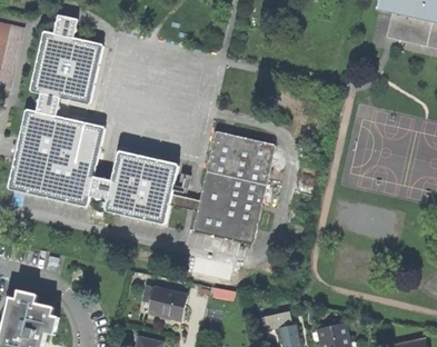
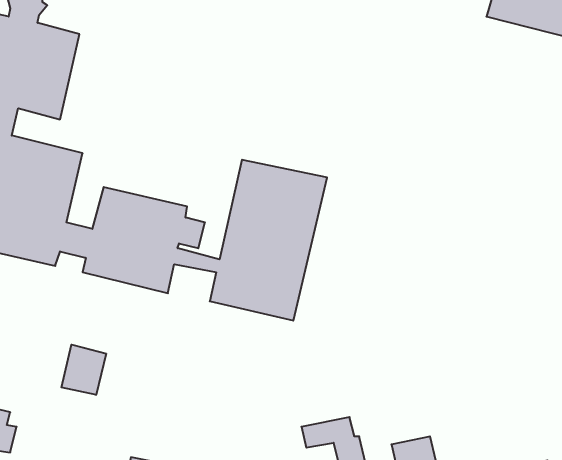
building: none -> [61,345,106,395]
building: [147,287,185,319] -> none

